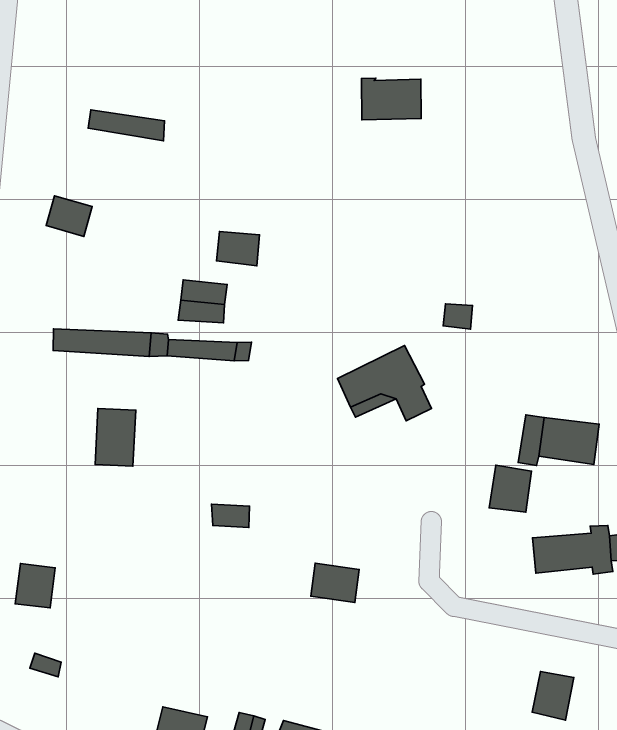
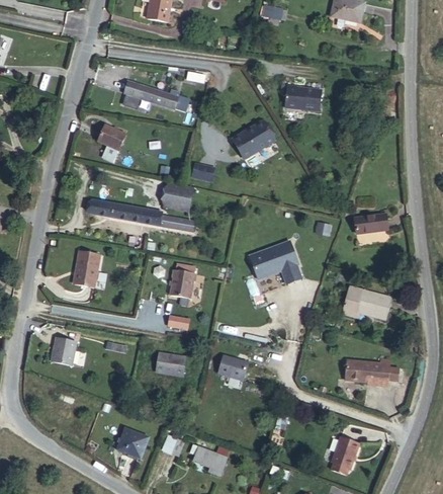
building: none -> [233,124,274,162]
building: none -> [355,212,390,231]
building: [95,408,136,466] -> [73,249,100,284]
building: none -> [168,269,193,299]
building: [489,465,532,512] -> none
building: none -> [154,352,183,376]

